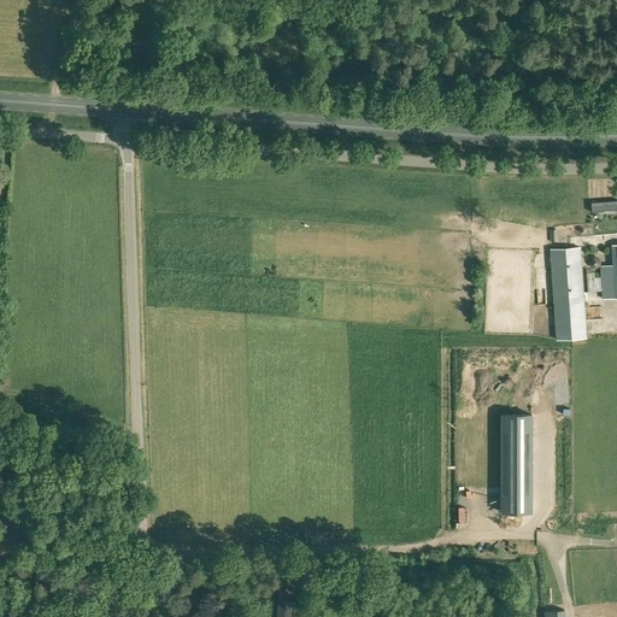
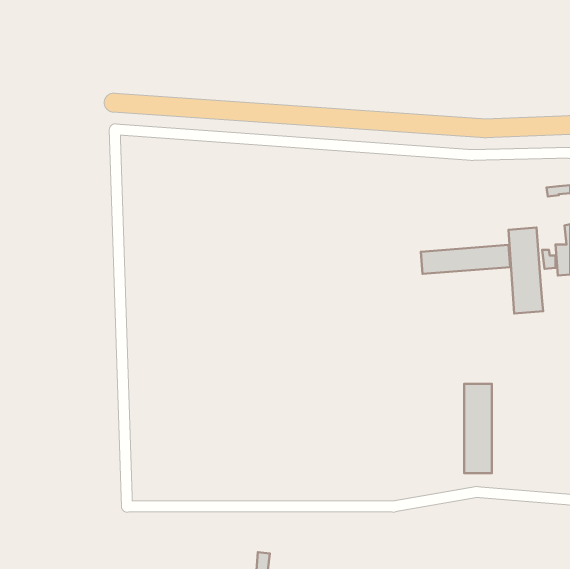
building: none -> [421,245,510,274]

